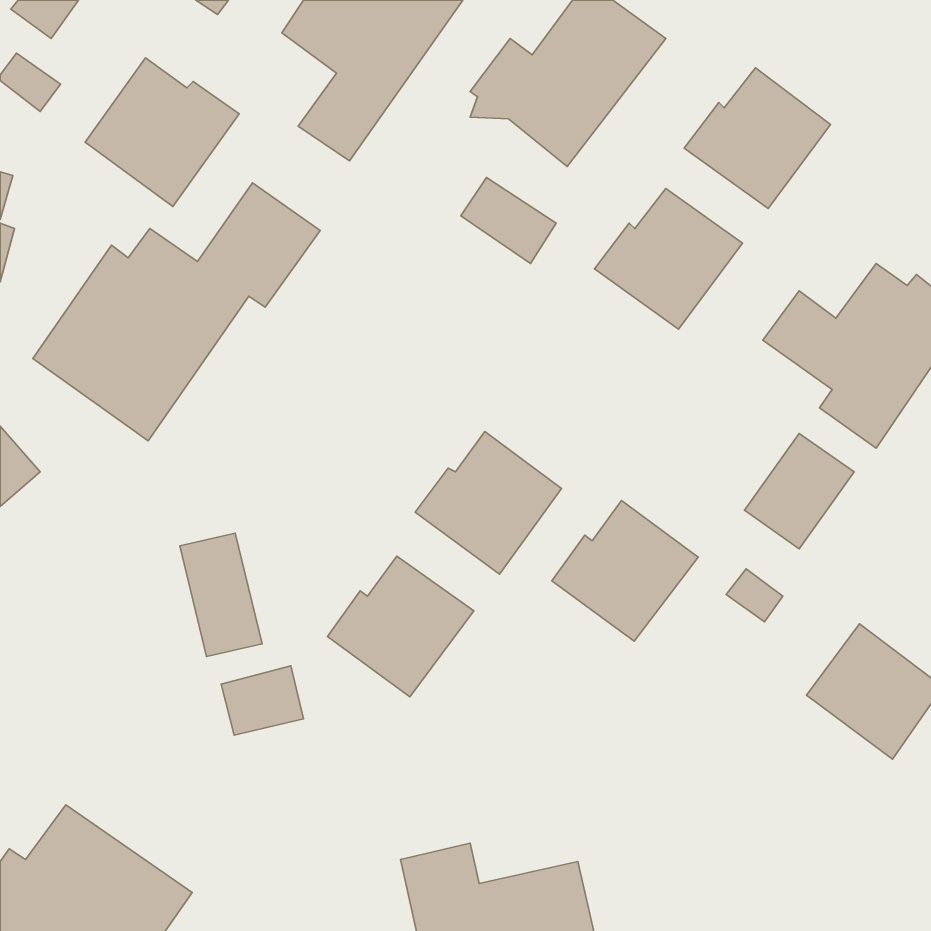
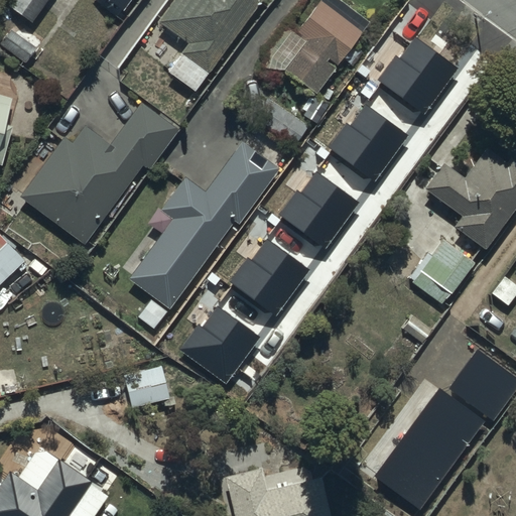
building: [85,58,239,207] -> none
building: none -> [127,142,278,309]
building: [552,500,698,641] -> [281,173,362,251]
building: [180,533,262,657] -> none
building: none -> [375,387,484,506]

